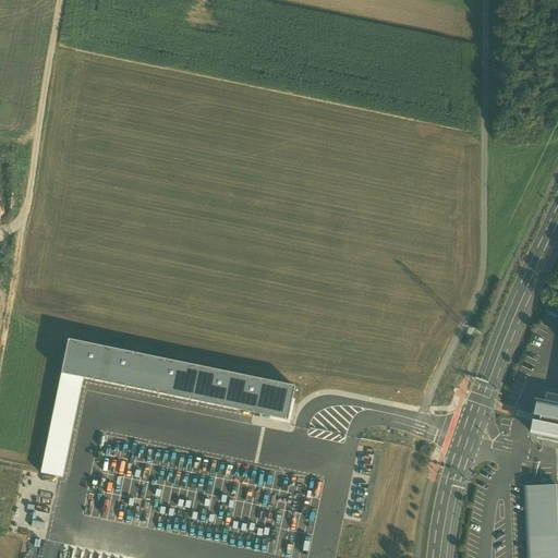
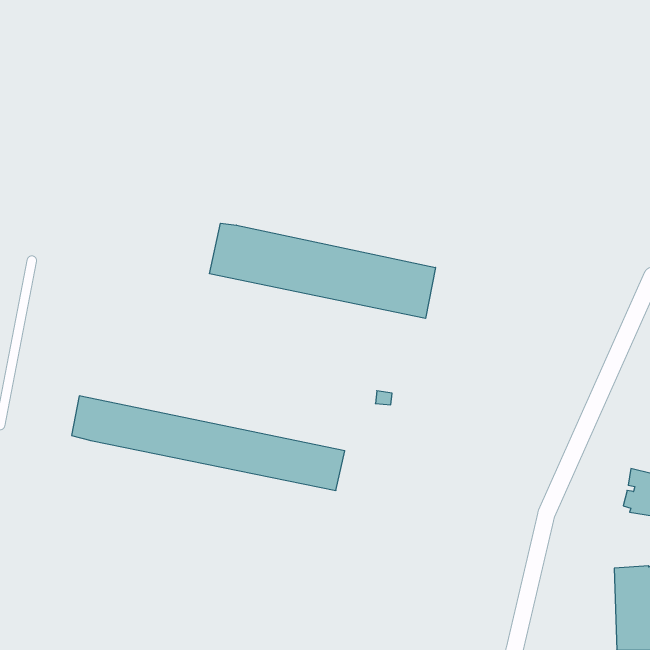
building: none -> [210,223,435,318]
building: [43,372,80,475] -> none

